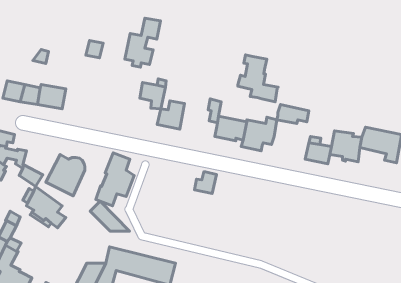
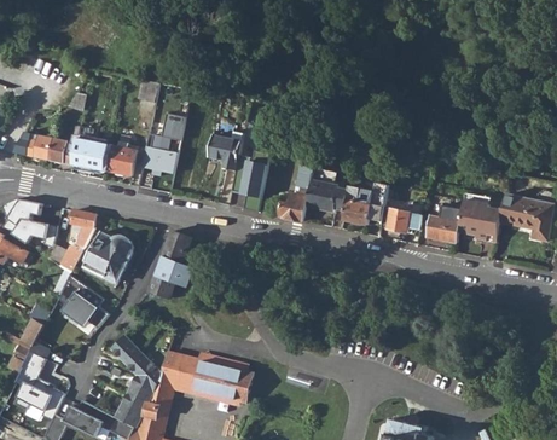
building: [125,18,160,67] -> [139,112,186,178]
building: [238,55,278,102] -> none
building: none -> [104,144,135,176]
building: [277,104,309,124] -> [379,207,422,232]
building: none -> [70,210,95,249]
building: [195,172,217,194] -> [279,192,308,221]
building: [90,201,129,231] -> [110,335,162,375]

